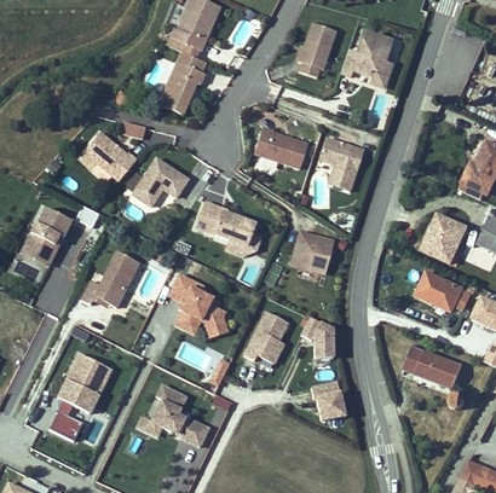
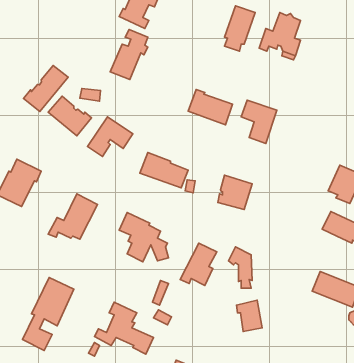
building: none -> [24,66,68,112]

